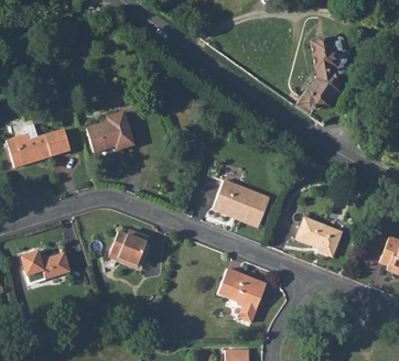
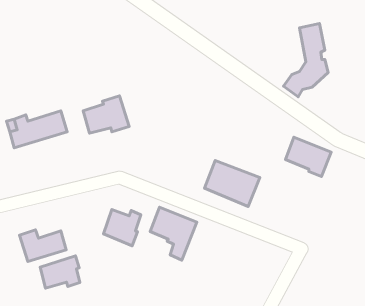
building: [295,217,343,258] -> [285,137,331,177]
building: [218,267,267,322] -> [150,207,197,260]
building: none -> [40,256,80,288]

